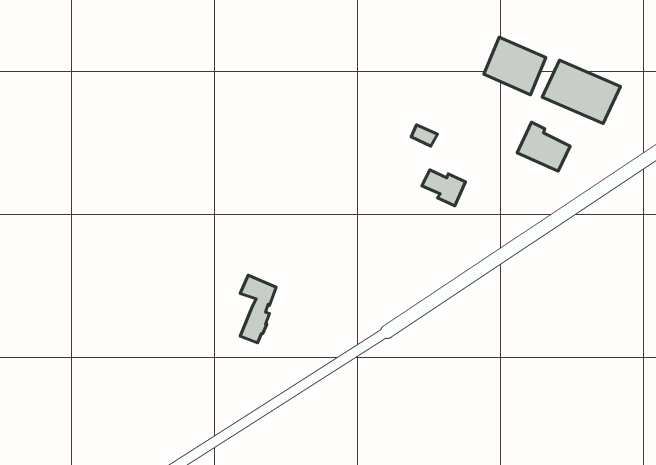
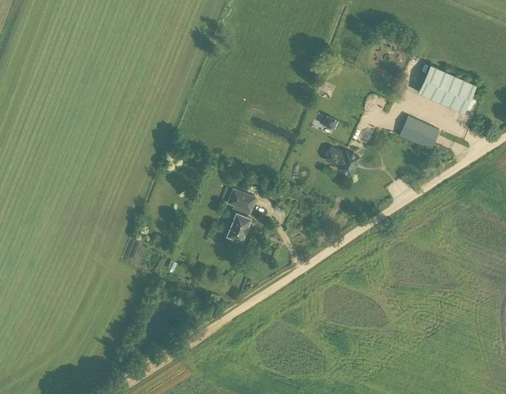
building: [484,37,546,95] -> none
building: [240,275,276,343] -> [227,189,254,240]

